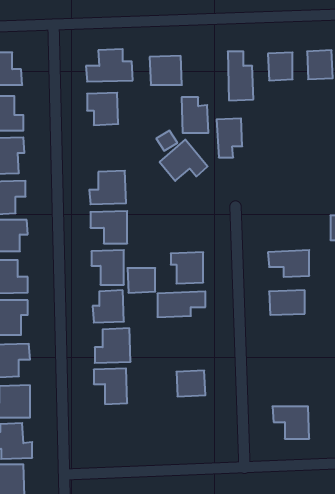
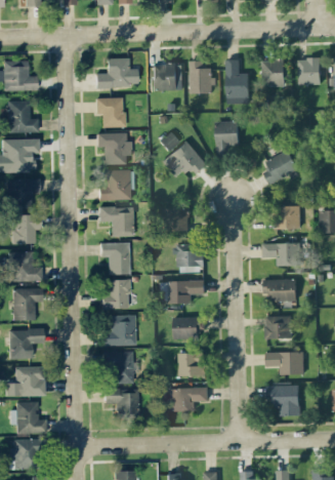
building: [182,97,208,133] -> [190,61,214,93]
building: none -> [97,132,130,165]
building: none -> [263,151,298,184]
building: none -> [277,206,300,229]
building: [127,268,155,293] -> [163,208,189,231]
building: none -> [265,316,292,339]
building: none -> [173,317,206,339]
building: none -> [265,352,304,374]
building: none -> [170,384,208,410]
building: none -> [104,388,138,417]

